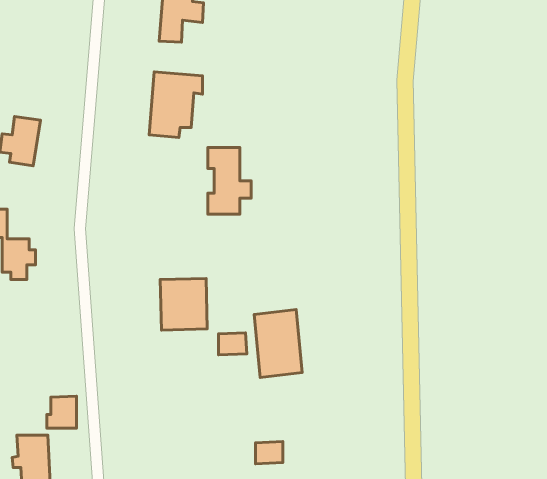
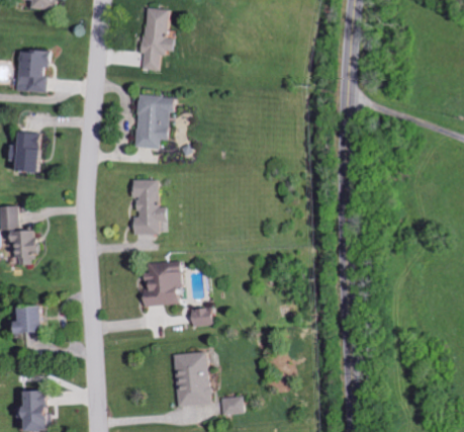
building: none -> [17,50,47,92]
building: [208,147,251,214] -> [130,179,166,234]
building: [254,310,302,378] -> [171,351,210,407]
building: [47,396,77,428] -> [19,307,43,333]

